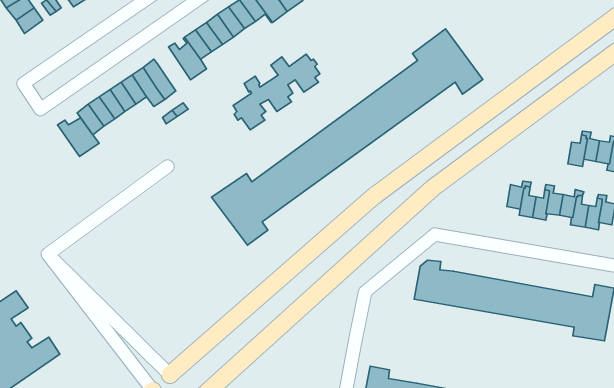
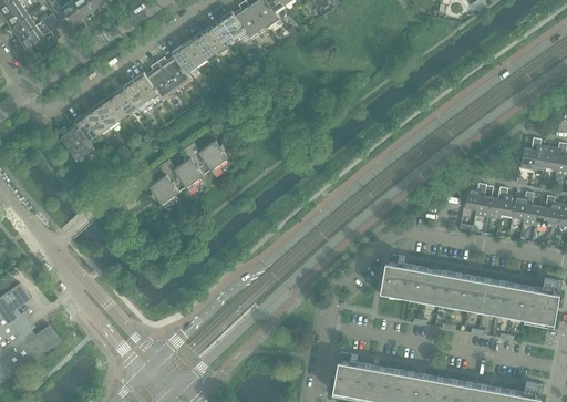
building: [211,29,483,245] -> none
building: none -> [147,63,177,102]
building: [233,54,320,130] -> [148,141,227,209]

